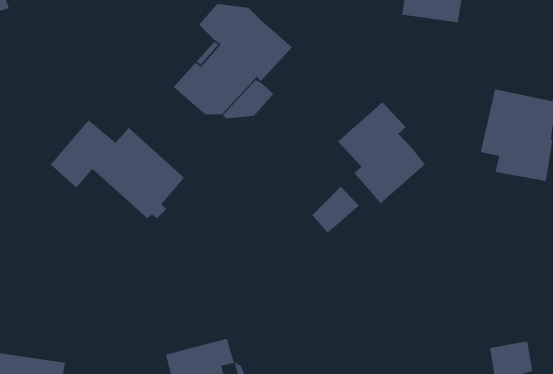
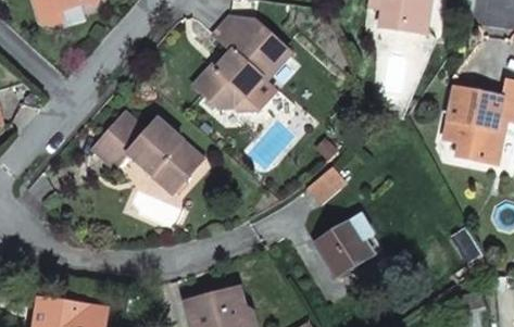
building: [337,101,426,204] -> none
building: none -> [314,212,373,276]

